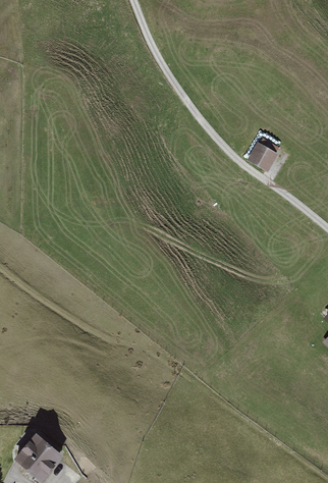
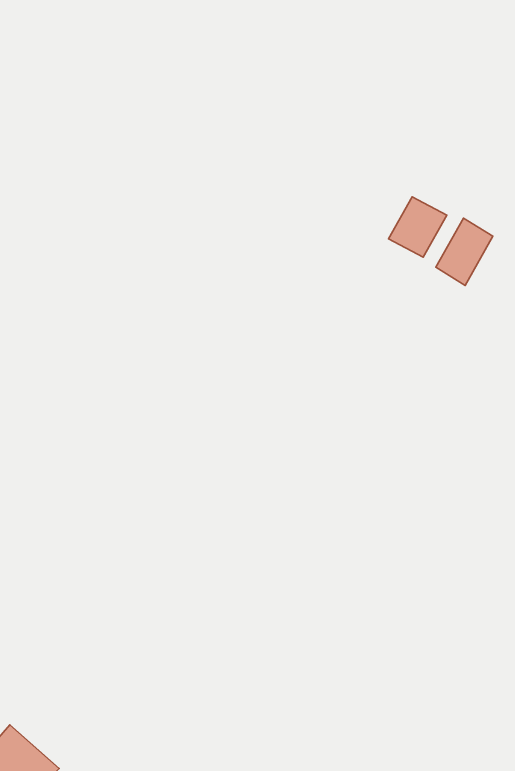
building: none -> [436,218,493,285]

